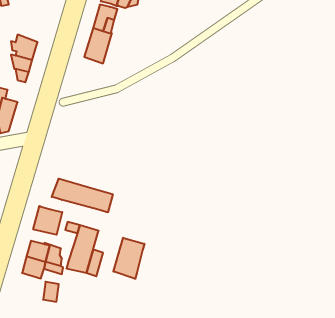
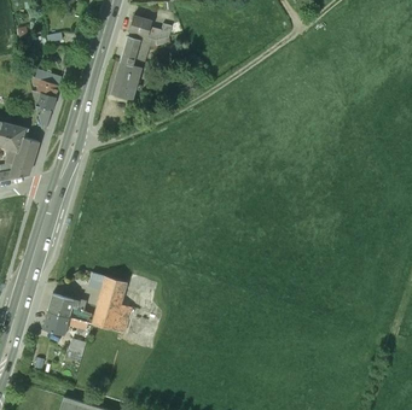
building: [52,179,113,212] -> none
building: [33,206,62,235] -> none
building: [113,238,144,279] -> none

